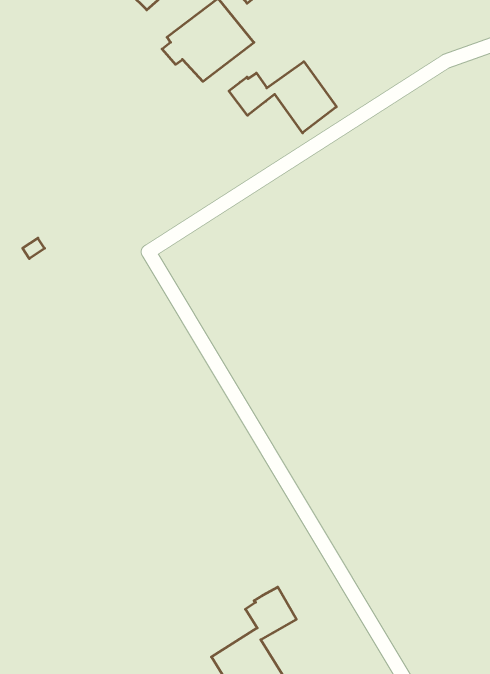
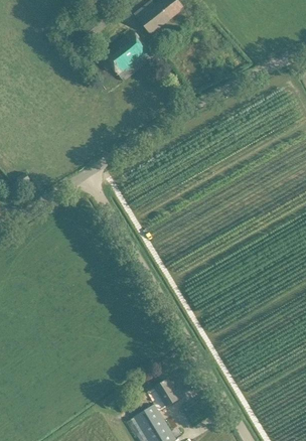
building: [229,62,336,133] -> none

